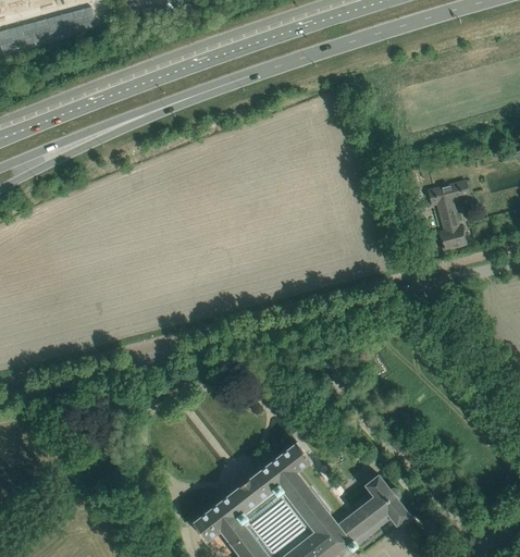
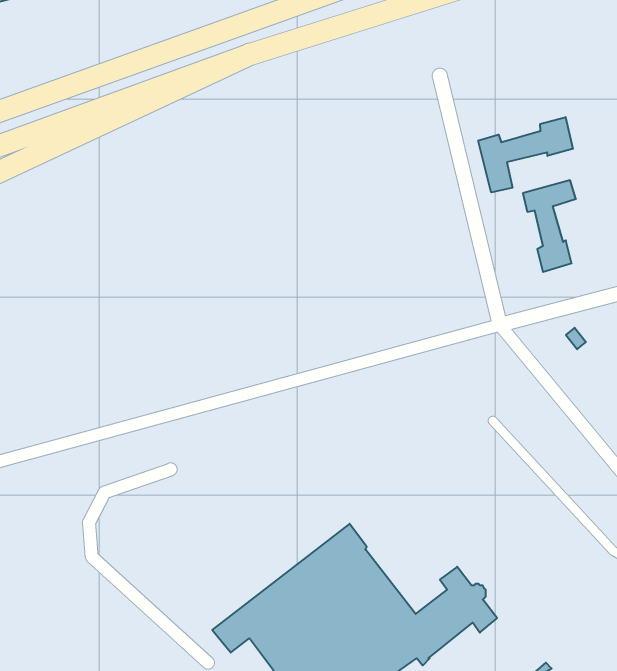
building: none -> [478,117,573,192]

